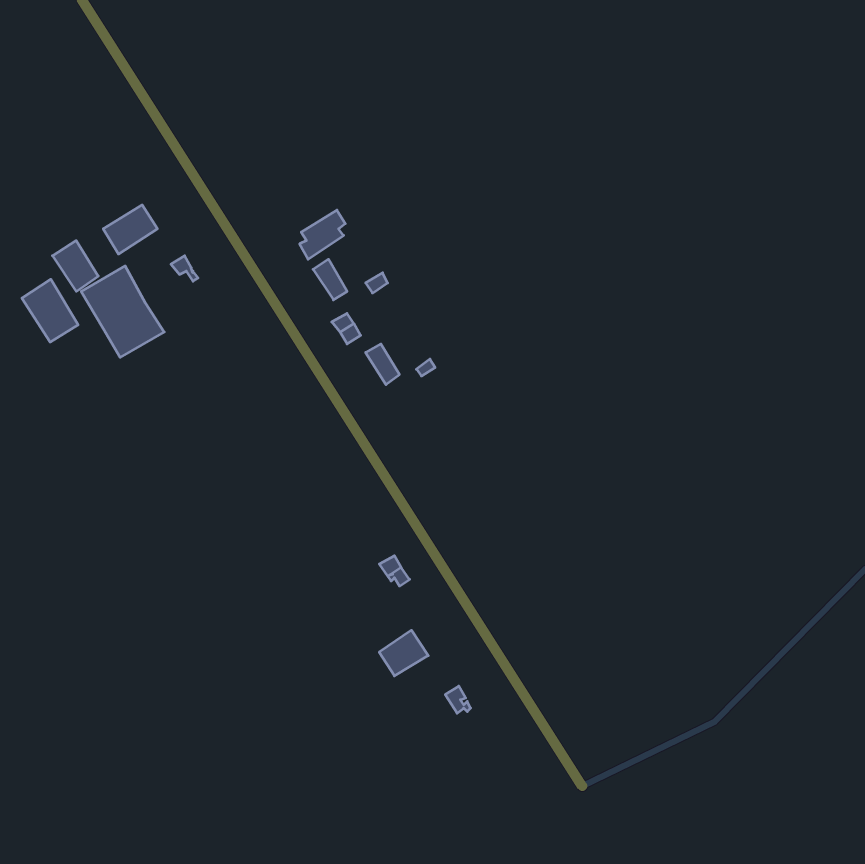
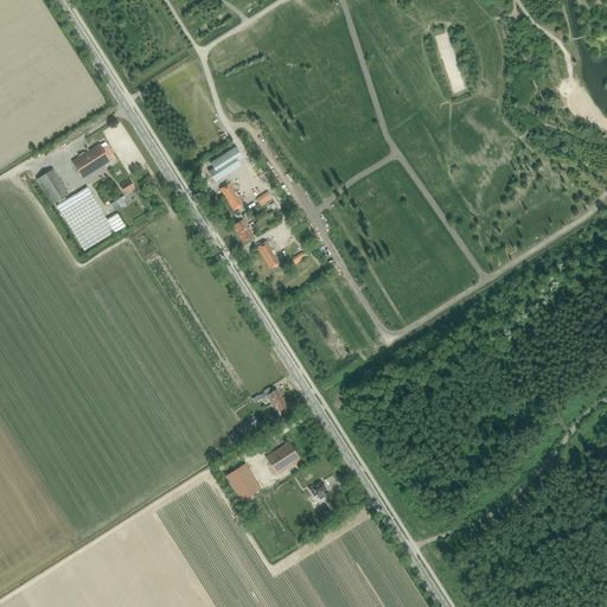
building: [22,279,78,342] -> none
building: none -> [224,460,262,497]

